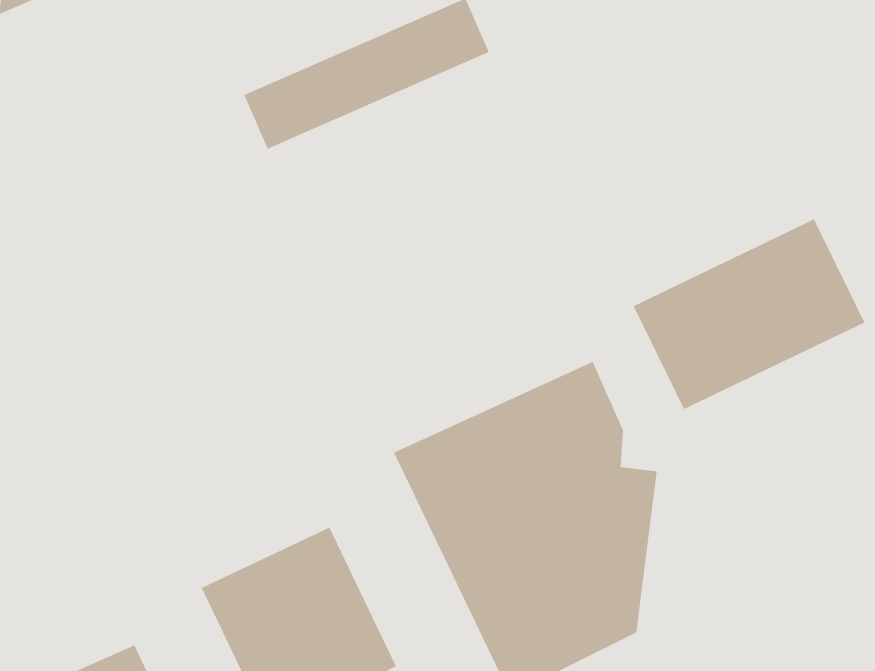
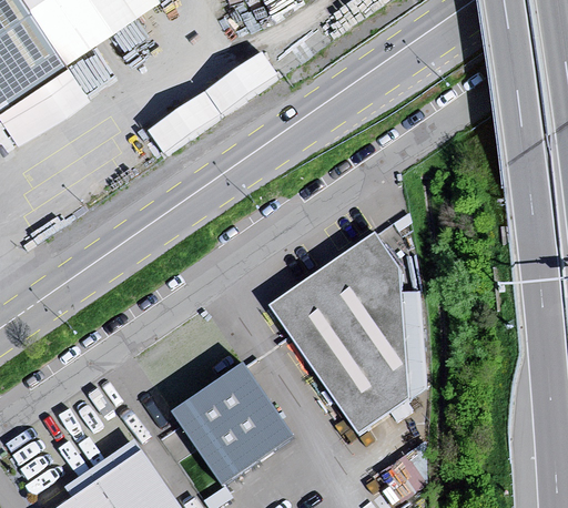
building: [633,219,865,410] -> none

